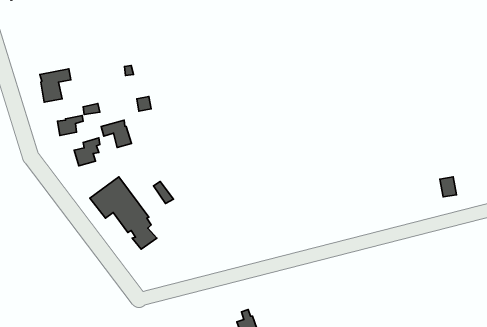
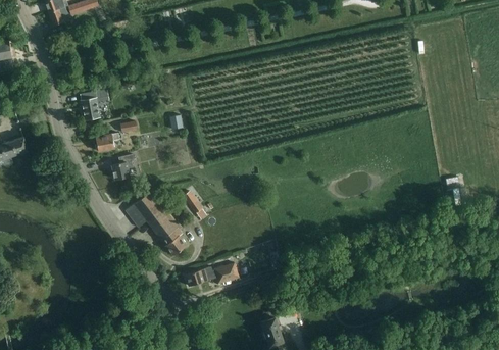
building: [101,120,131,148] -> none
building: none -> [187,263,240,286]

